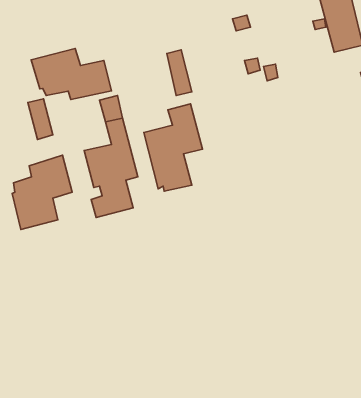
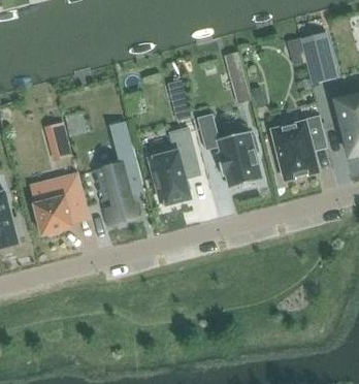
building: [31,48,112,100] -> none
building: none -> [197,114,261,187]
building: none -> [272,115,324,179]

